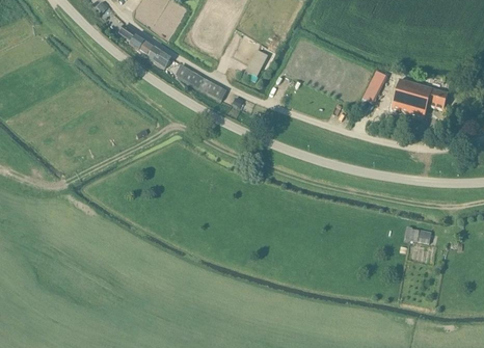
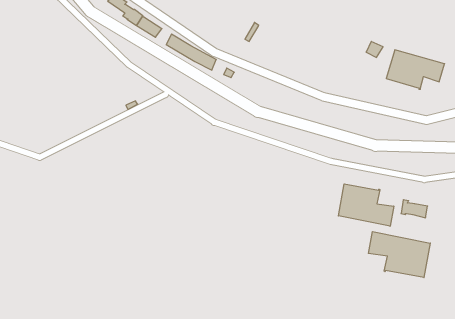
building: none -> [338,184,394,226]
building: none -> [368,232,430,278]

